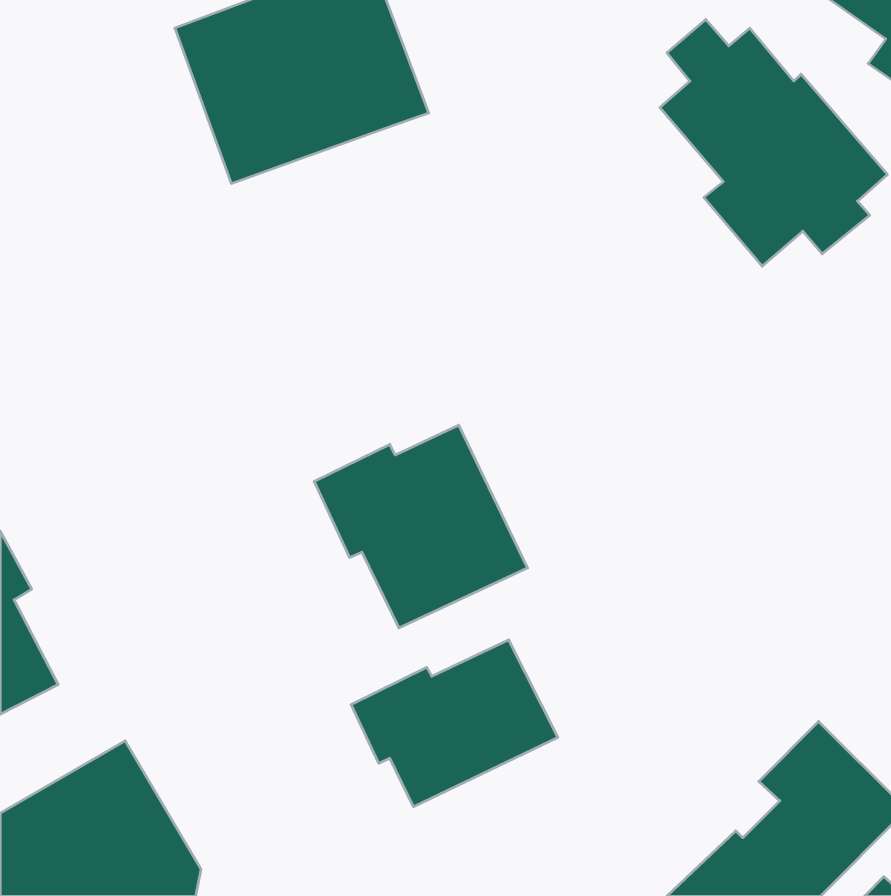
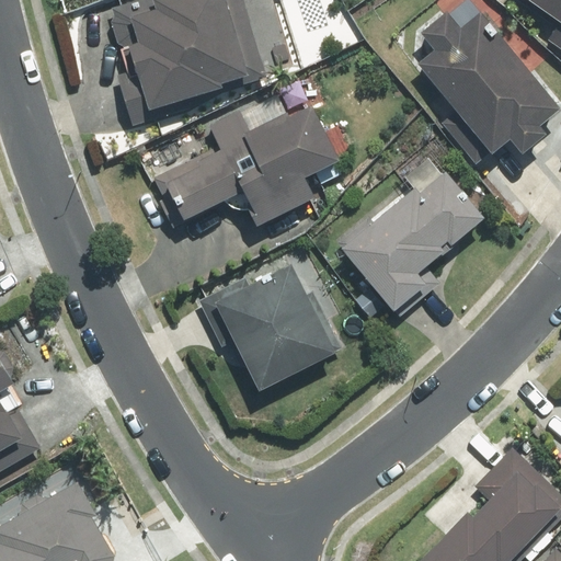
building: none -> [154,93,337,227]
building: none -> [335,160,483,316]
building: [351,640,558,807] -> none

